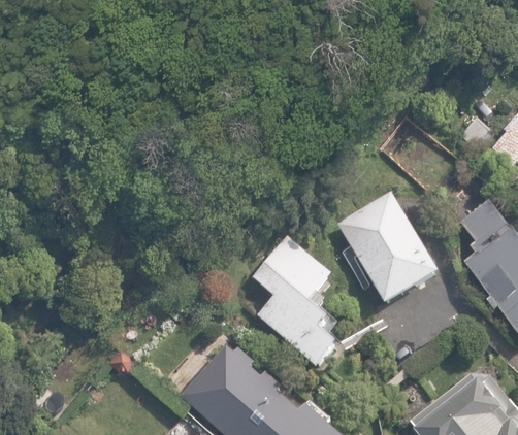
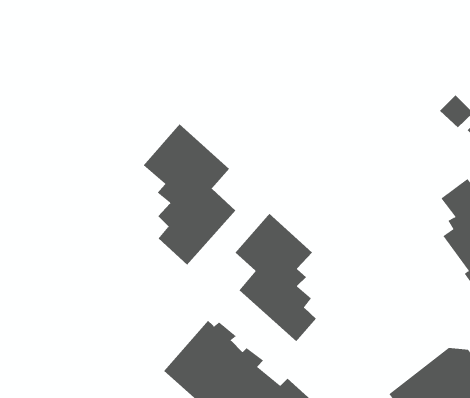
building: none -> [143,123,236,265]
building: [338,194,440,304] -> none

